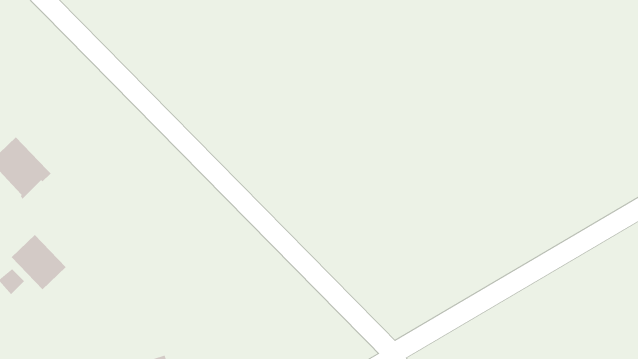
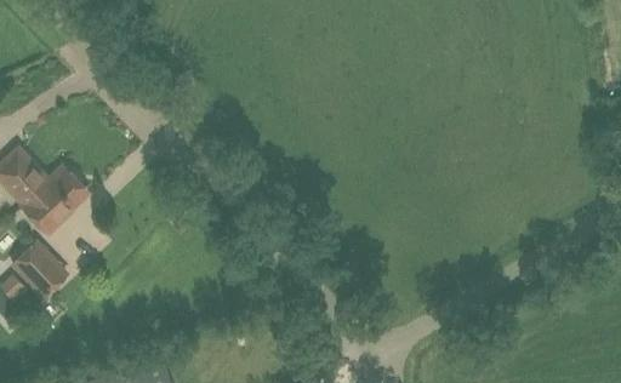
building: none -> [24,168,86,235]

